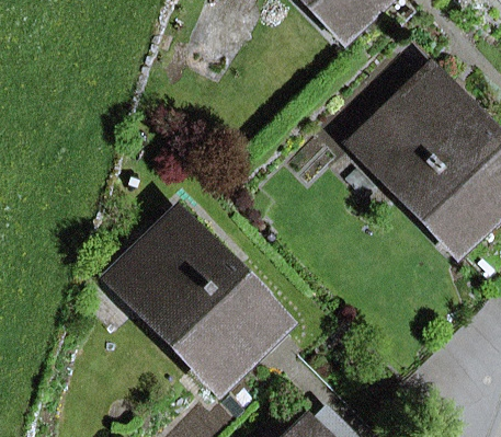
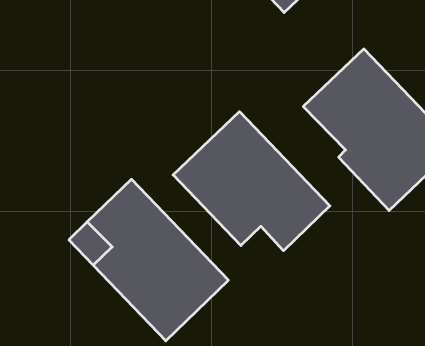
building: none -> [173,112,330,251]

